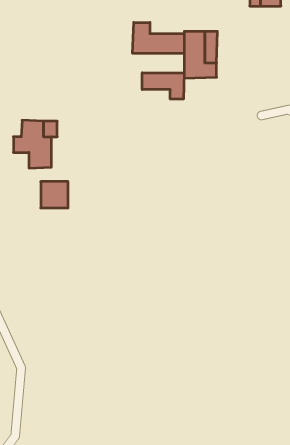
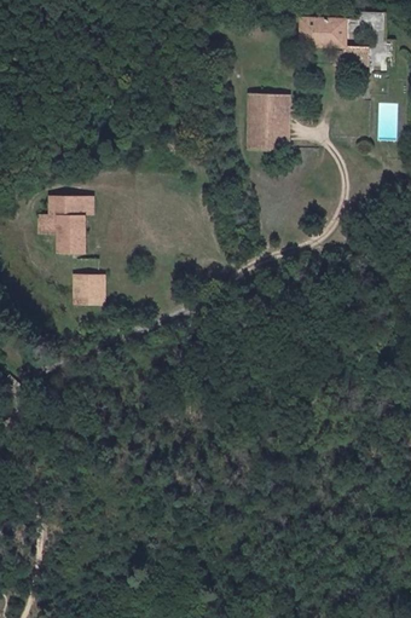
building: [133,22,184,53] -> none
building: [142,73,184,99] -> none

